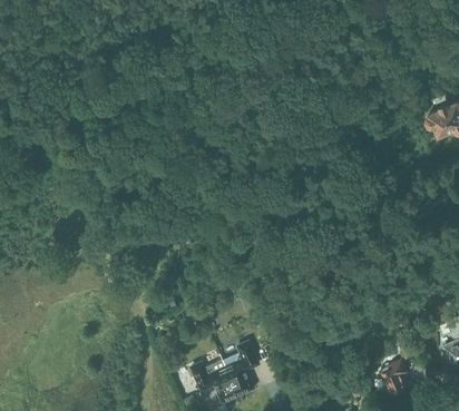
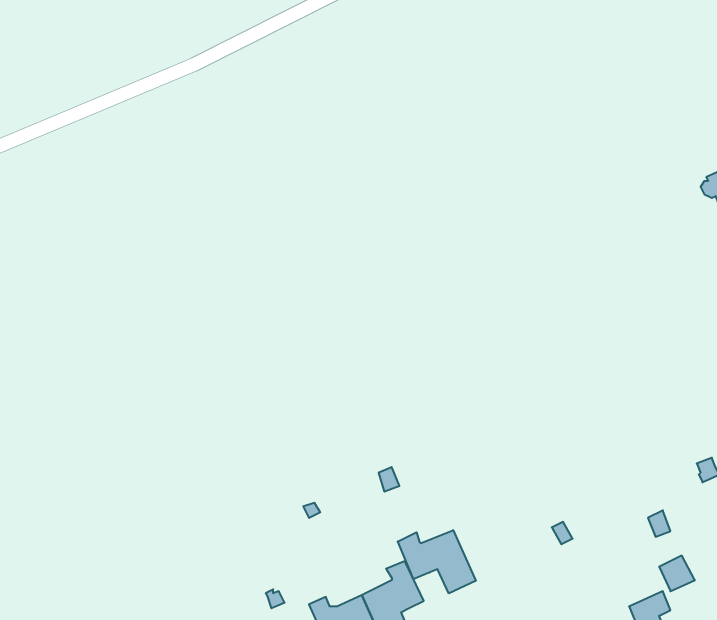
building: none -> [398,530,476,593]

